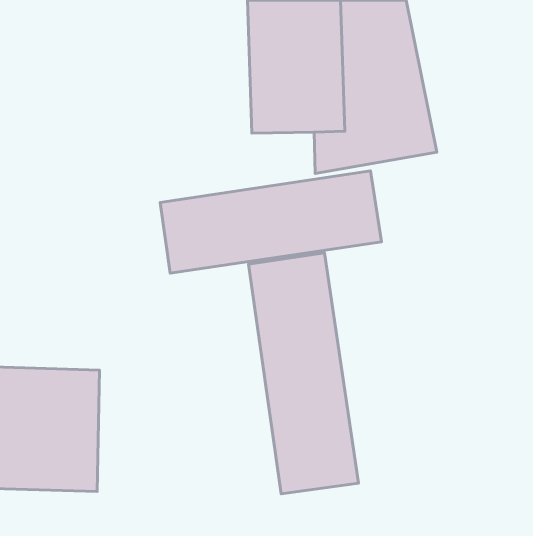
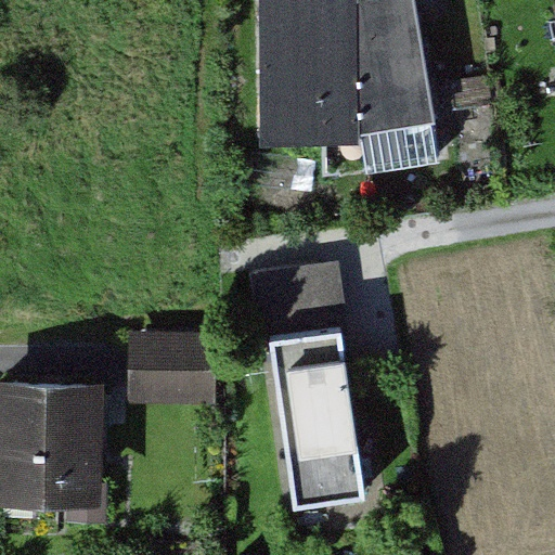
building: [160,171,382,273] -> none
building: none -> [126,331,218,406]

